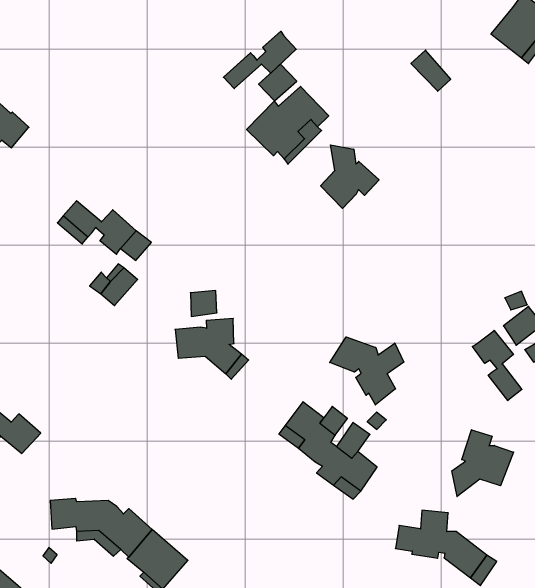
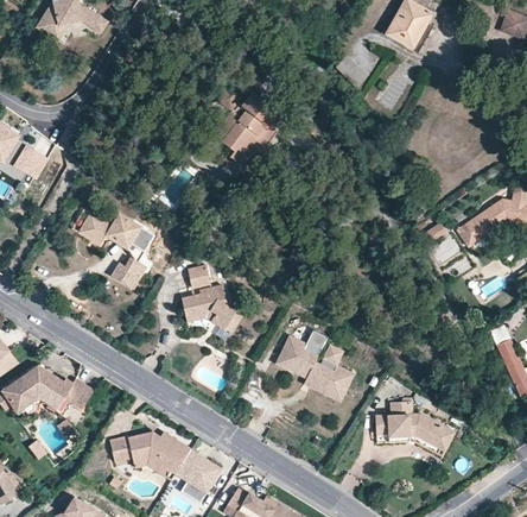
building: [223,31,296,89] -> none
building: [321,145,379,208] -> none
building: [472,330,522,401] -> none
building: [330,337,404,405] -> none
building: [452,430,514,497] -> none

